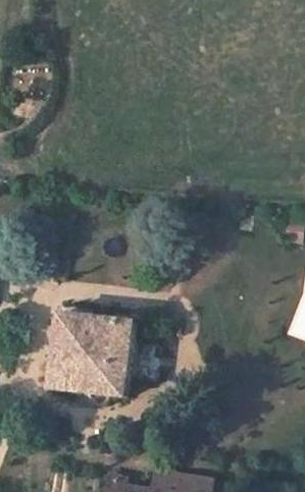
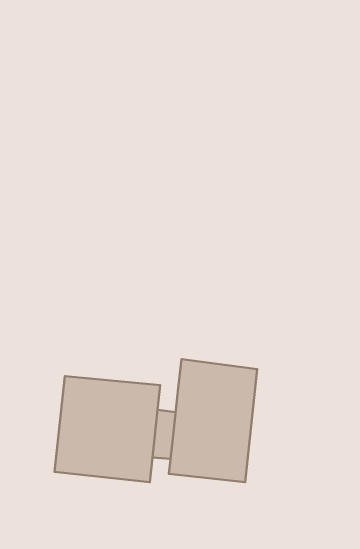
building: none -> [169,359,257,482]

